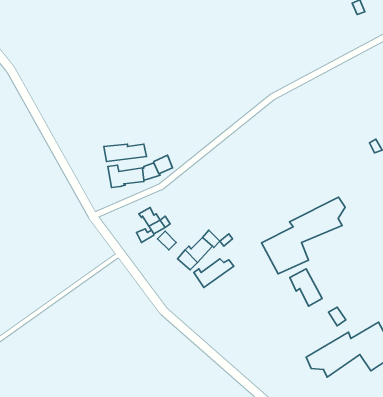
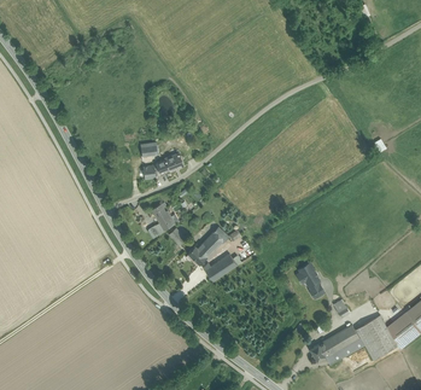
building: [261,197,345,274] -> none

